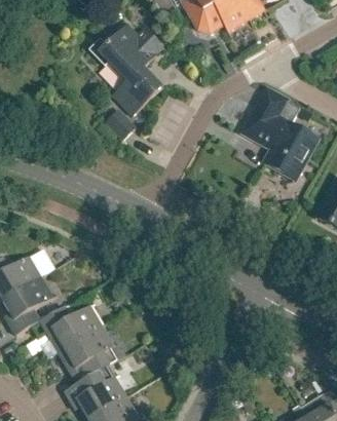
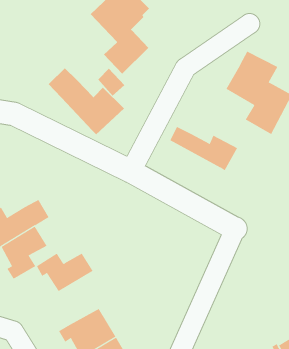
building: none -> [48,68,125,135]
building: none -> [169,126,238,171]
building: [64,326,125,383] -> none

